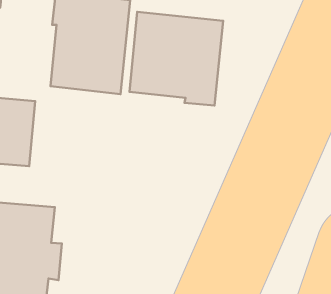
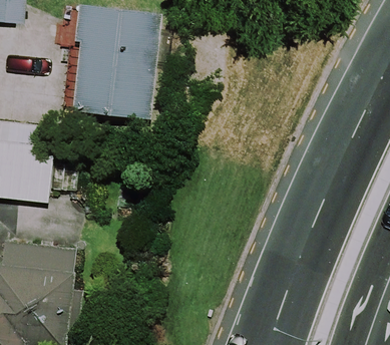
building: [130,12,223,106] -> none

